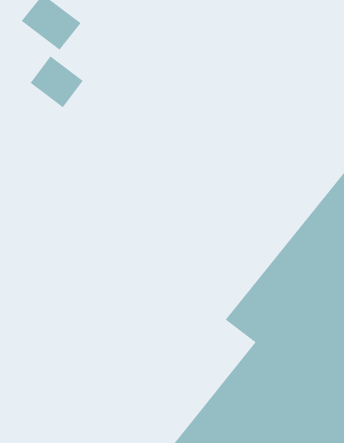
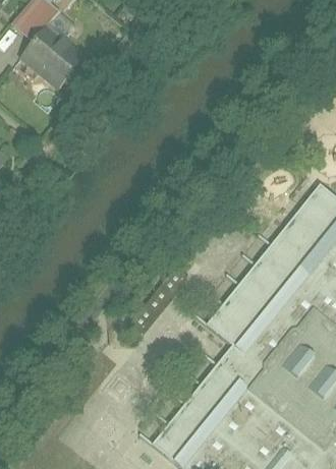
building: [30,55,83,108] -> none

